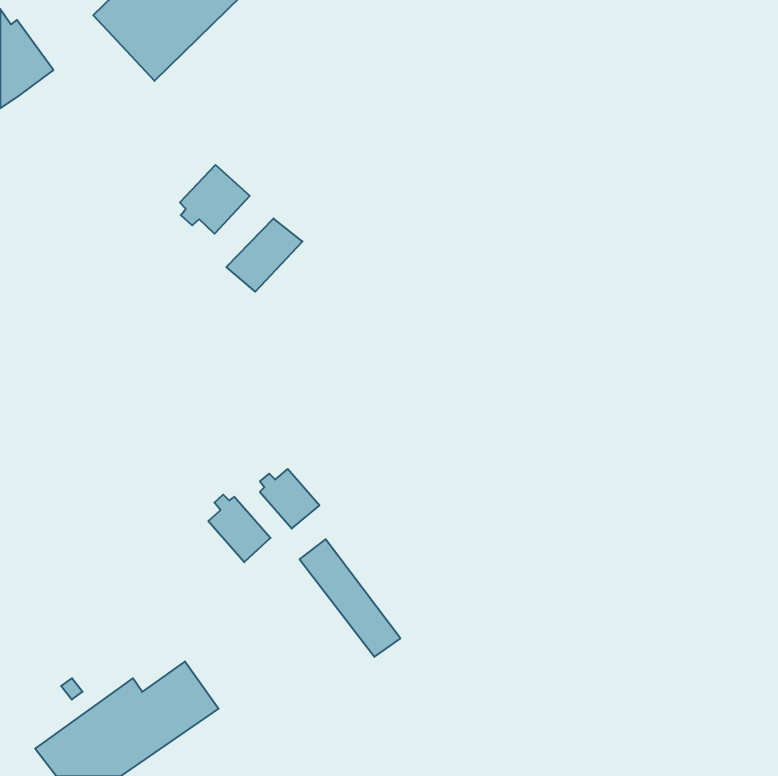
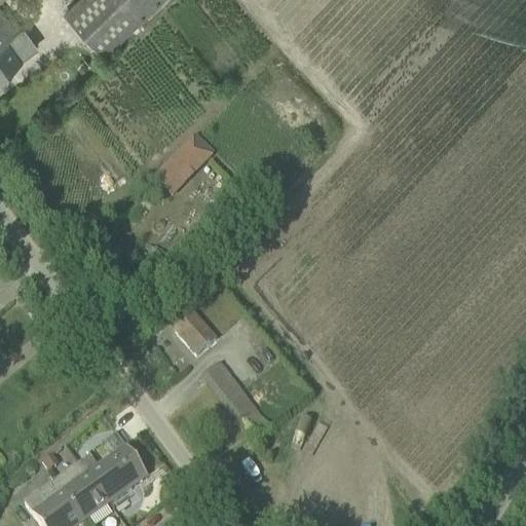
building: [180,165,250,234] -> none
building: [208,495,271,562] -> none

